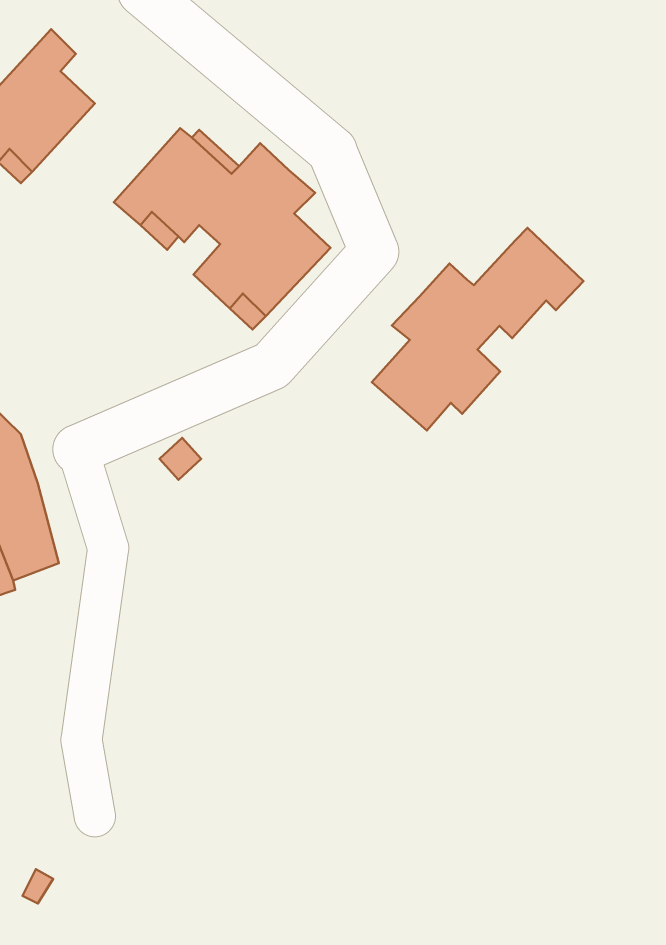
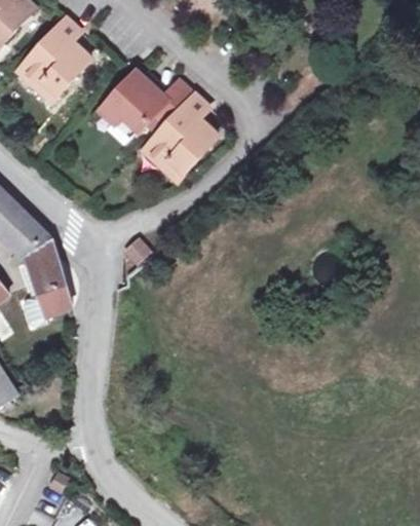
building: [372,228,584,431] -> none

